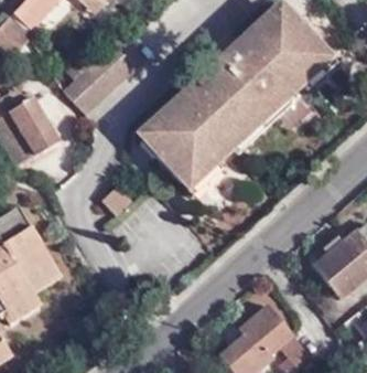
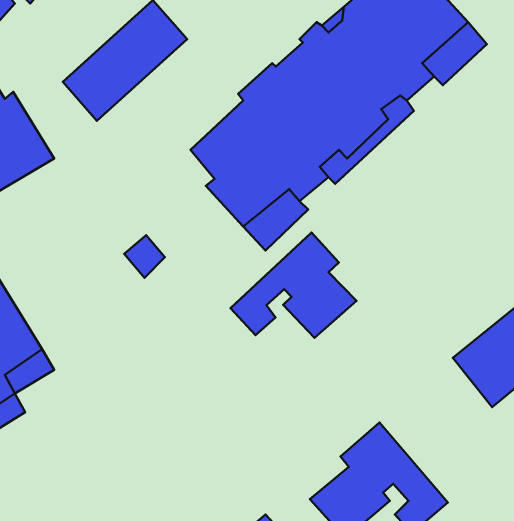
building: none -> [230,233,356,338]

